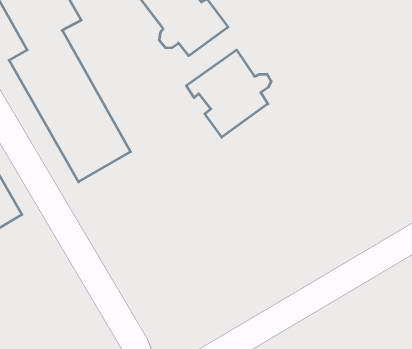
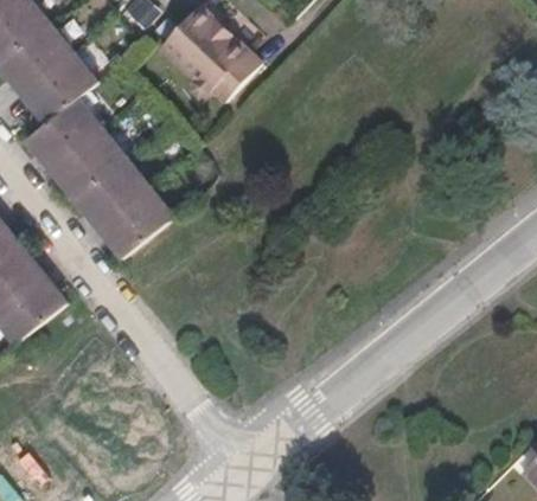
building: [186,50,271,137] -> none

